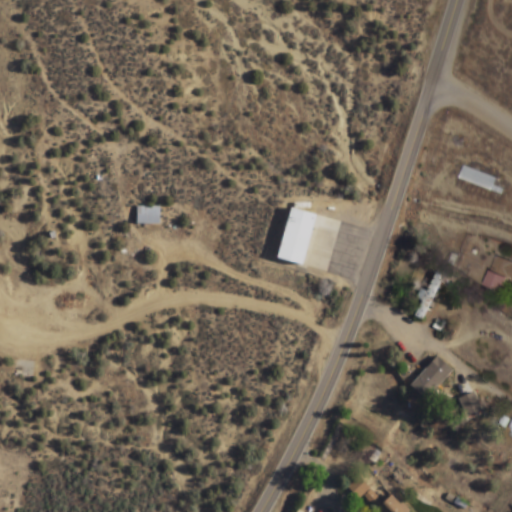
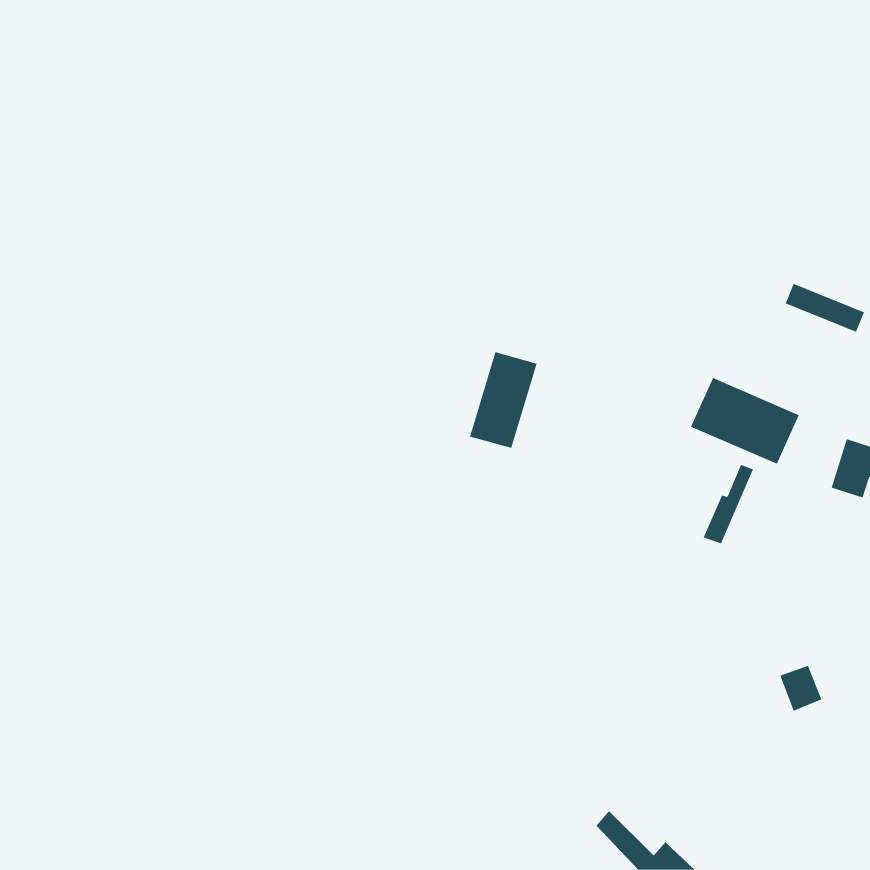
building: [136,205,159,223] -> none
building: none -> [690,377,800,465]
building: [409,354,453,399] -> none

